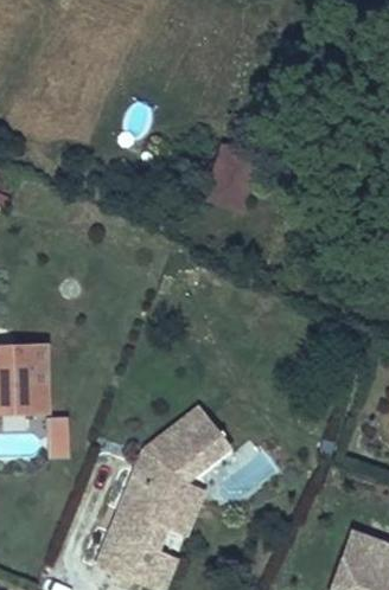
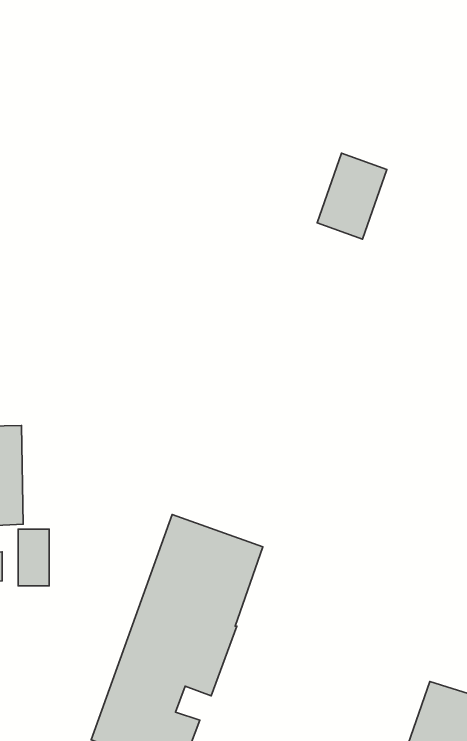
building: [205,148,256,211] -> [317,153,387,239]

